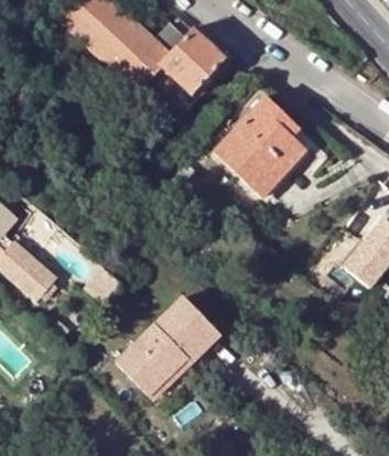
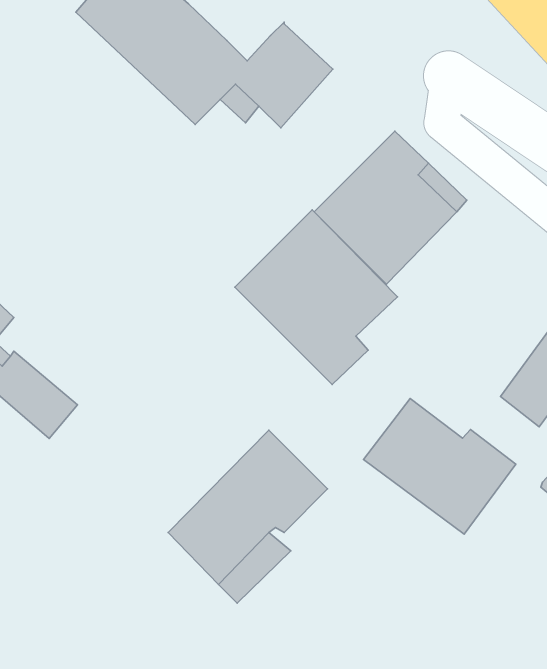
building: none -> [235,210,397,384]
building: none -> [363,398,516,534]

